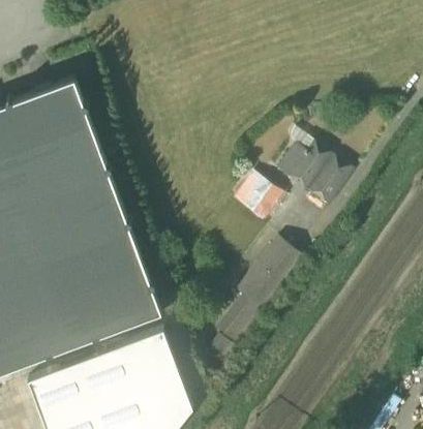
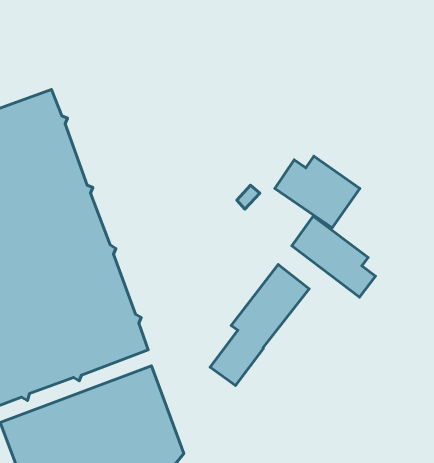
building: [254,183,290,217] -> none
building: none -> [292,216,375,297]

